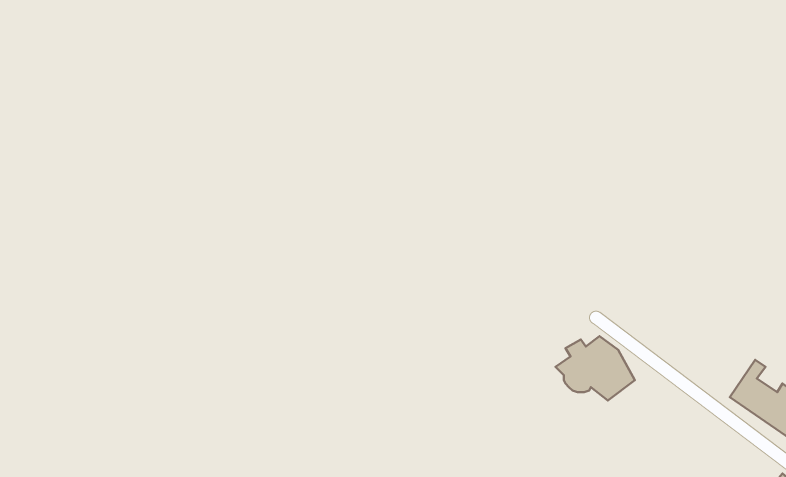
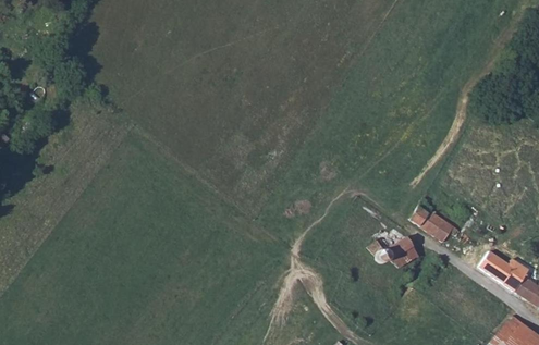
building: none -> [411,200,460,243]

